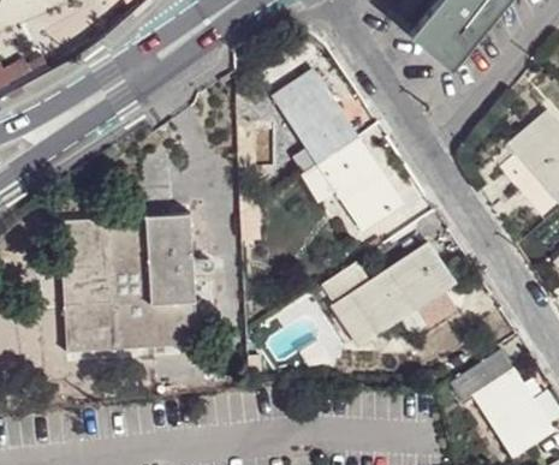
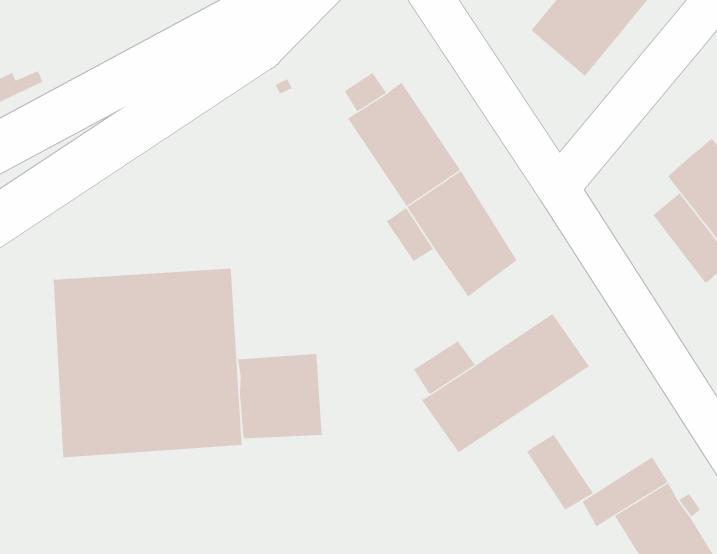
building: none -> [237,353,322,439]
building: none -> [526,434,594,510]

